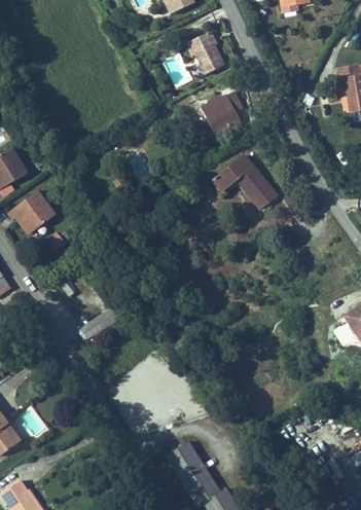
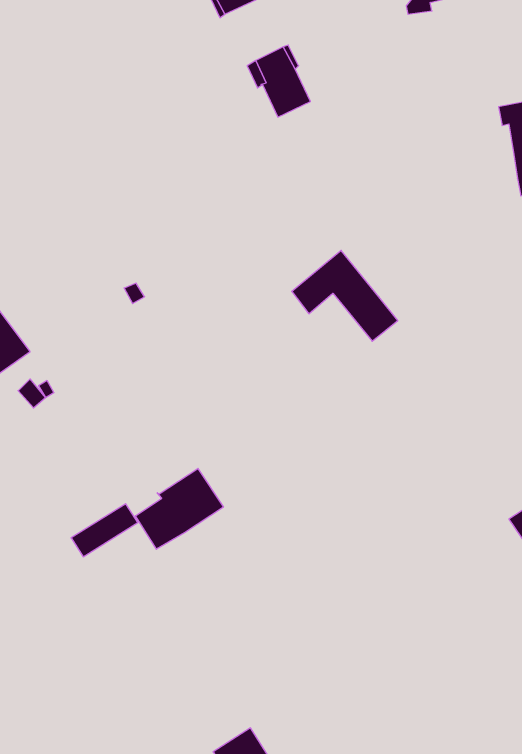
building: [197,90,243,134] -> none
building: none -> [135,468,223,549]

